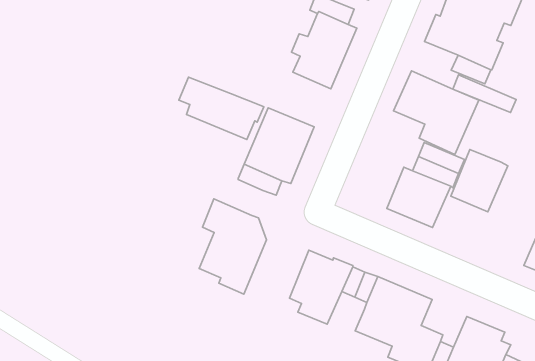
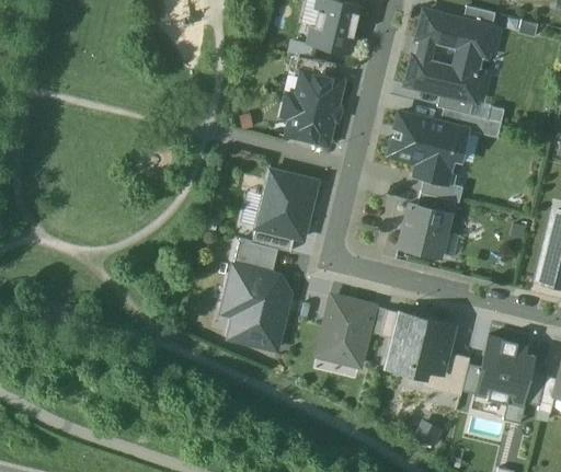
building: [179,77,264,140] -> none
building: [451,149,508,212] -> none
building: none -> [232,239,277,274]

